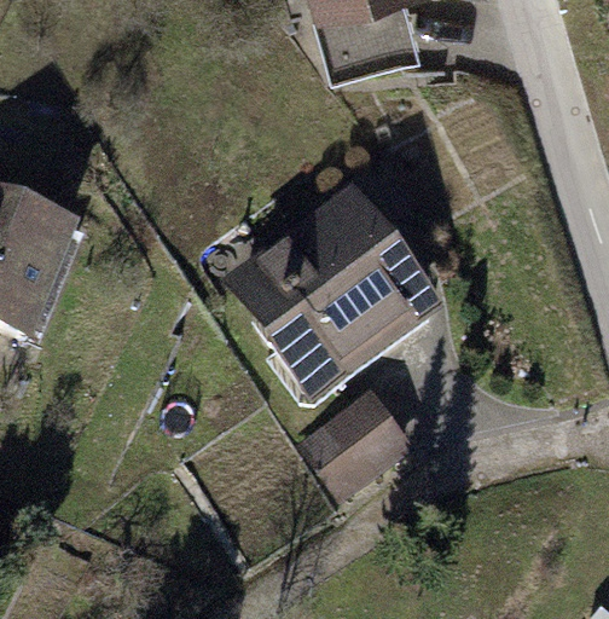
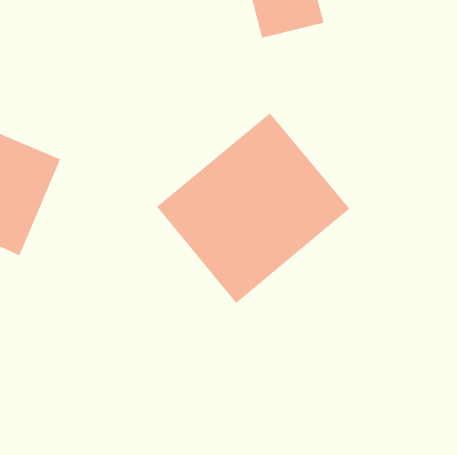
building: [302,393,412,502] -> none

